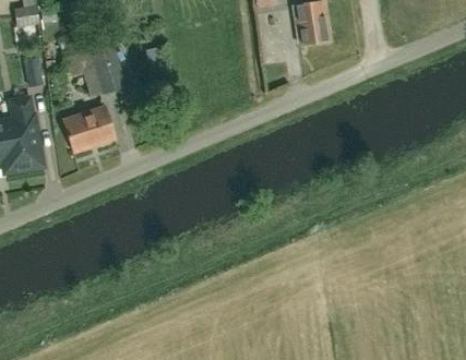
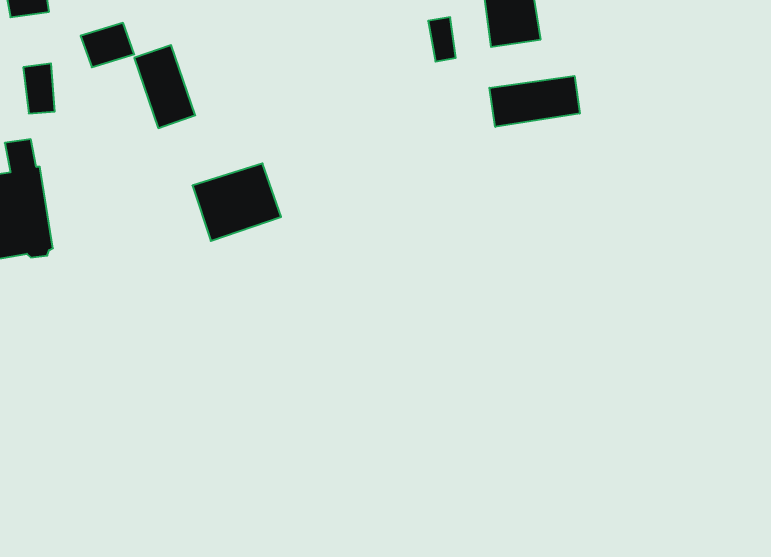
building: none -> [489,76,580,127]
building: [62,107,115,153] -> [192,163,281,241]

